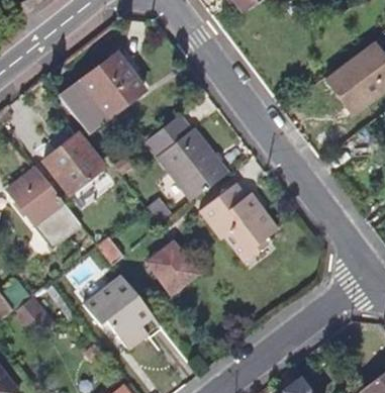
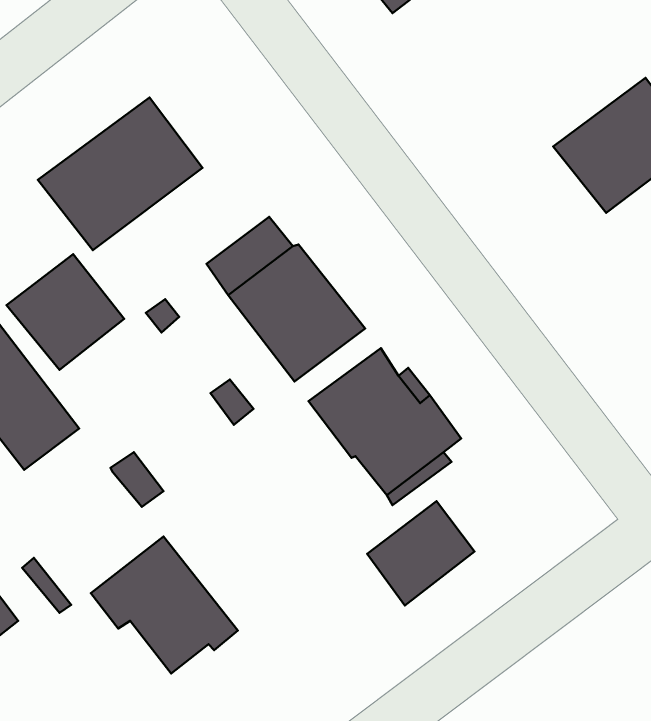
building: [152,247,197,293] -> none
building: none -> [367,501,475,606]

